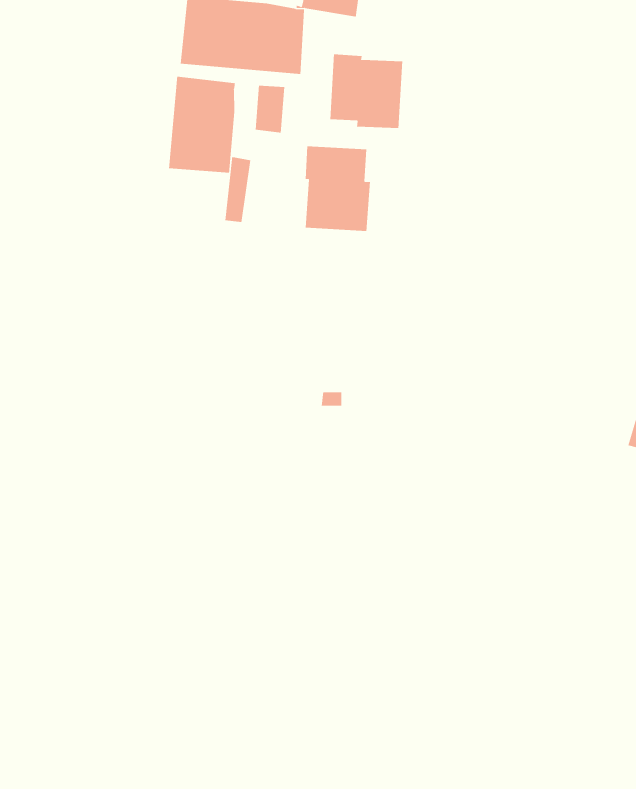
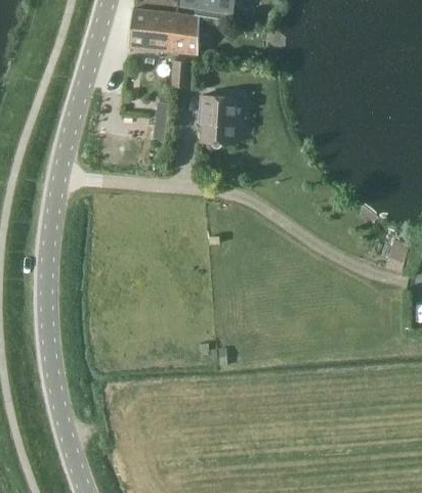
building: [330,54,403,129] -> none
building: [169,76,236,173] -> none

